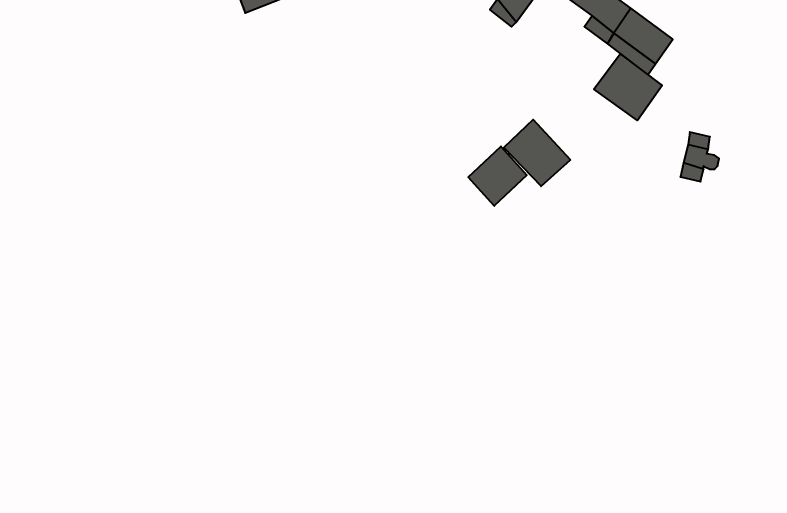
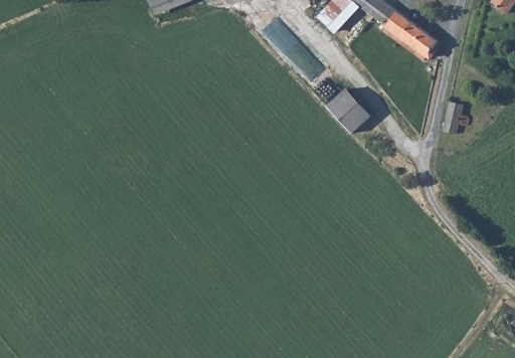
building: [594,54,662,120] -> none
building: [468,146,527,206] -> none

